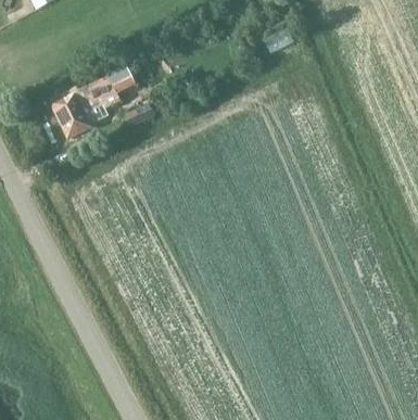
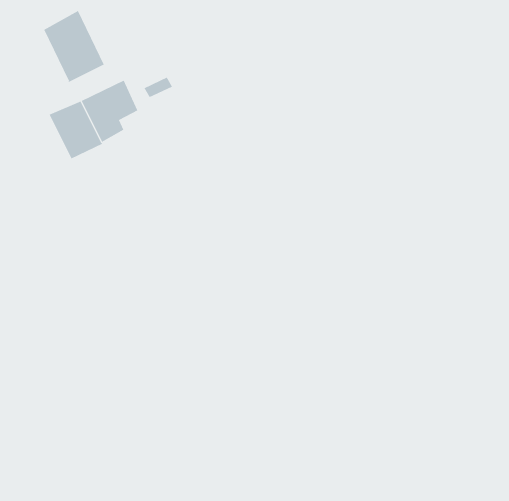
building: none -> [44,10,105,83]

